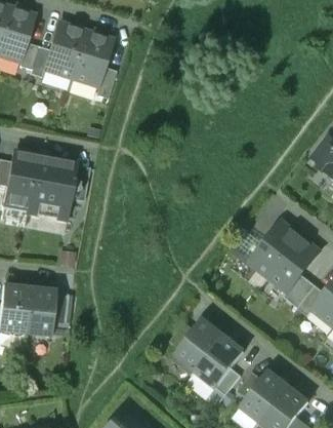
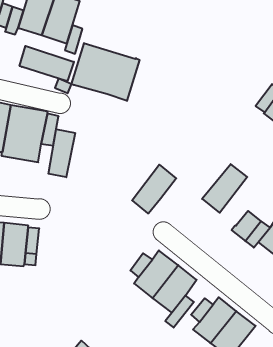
building: none -> [71,43,140,101]
building: none -> [20,46,74,81]
building: none -> [48,129,75,177]
building: [268,235,318,289] -> [132,165,176,213]

